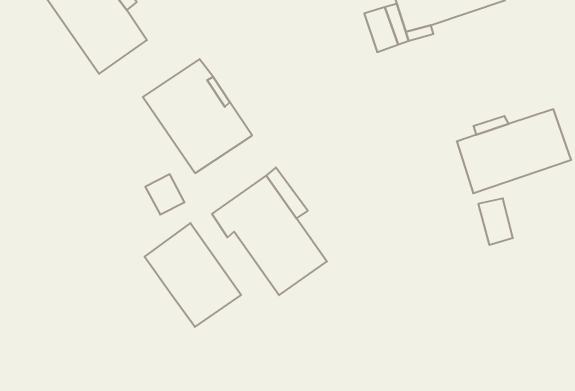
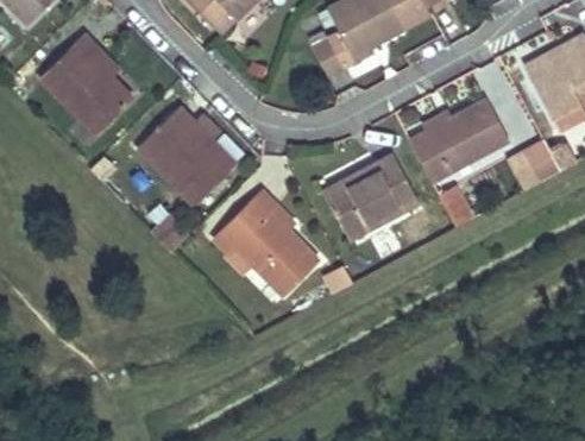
building: none -> [323,155,419,239]
building: [145,223,241,327] -> none

